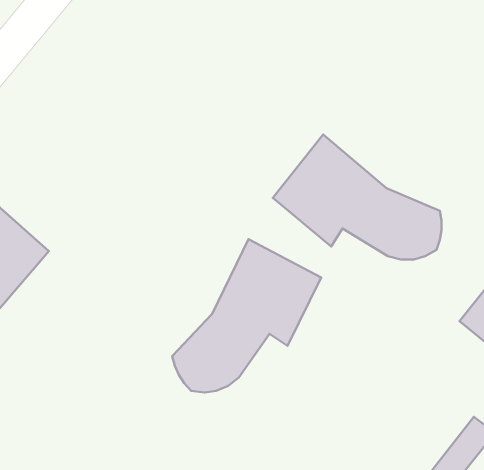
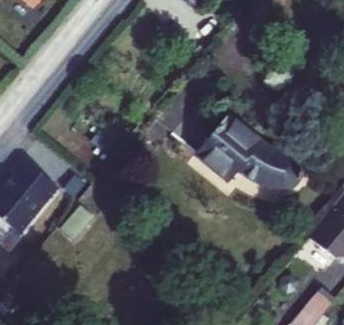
building: [172,239,321,392] -> none

